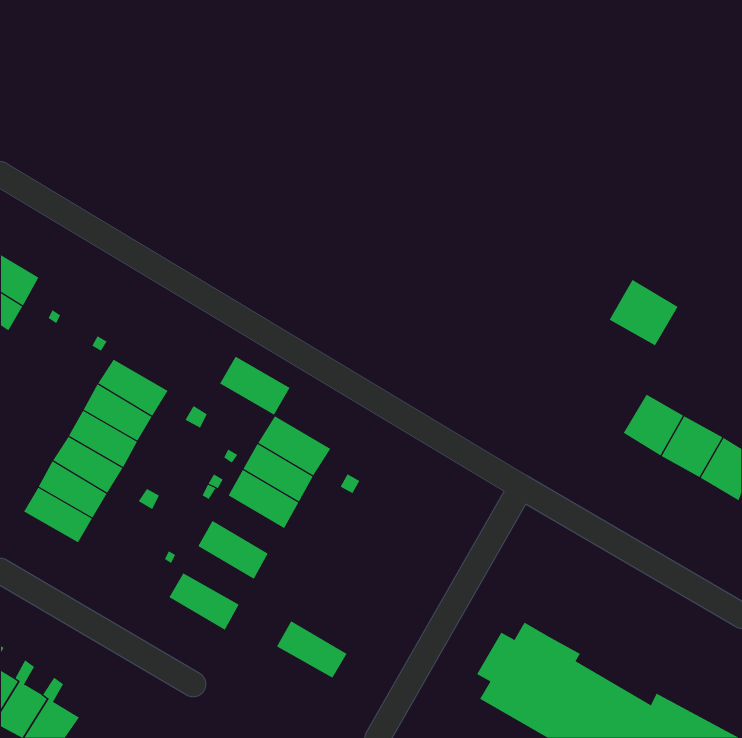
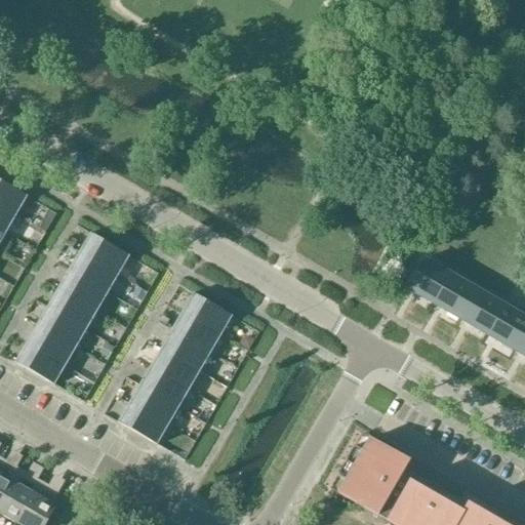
building: [609,279,679,346] -> [407,258,456,306]
building: [219,356,290,415] -> [80,234,130,276]
building: none -> [150,350,201,391]
building: [276,620,347,678] -> [129,386,179,427]

